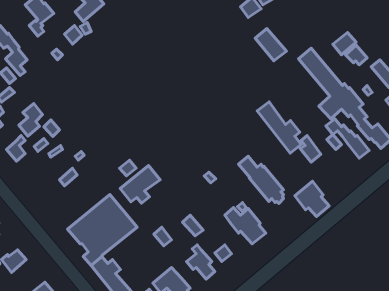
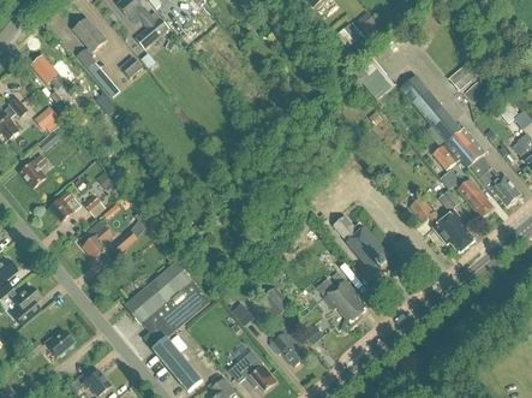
building: [257,102,301,153] -> none
building: [19,104,43,136] -> [82,219,110,259]
building: [120,165,160,203] -> none
building: [295,181,329,217] -> [432,209,474,253]

